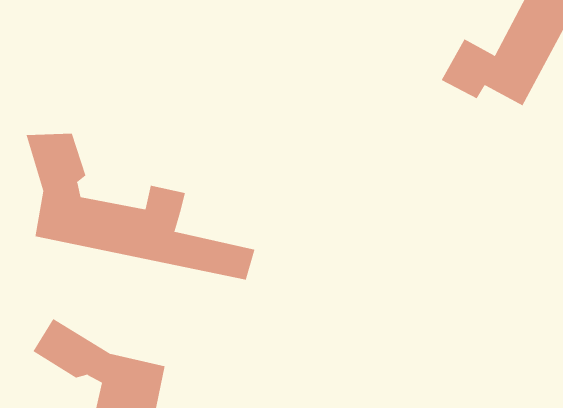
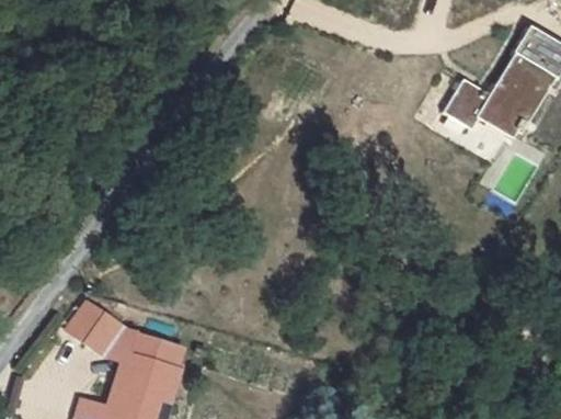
building: [26,133,255,280] -> none

